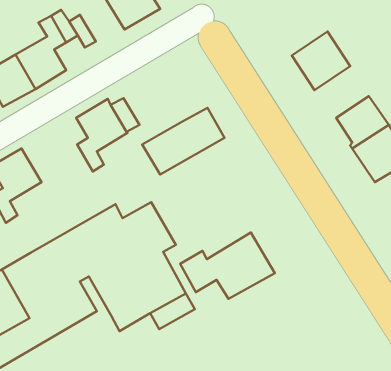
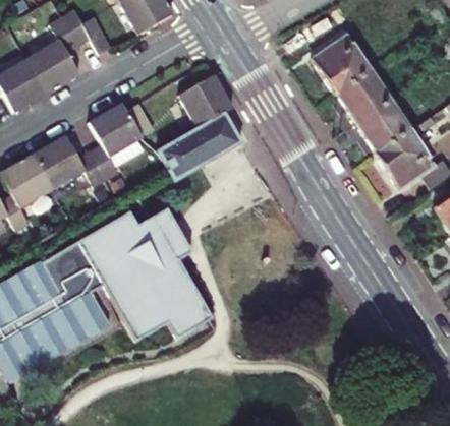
building: none -> [335,69,391,122]
building: none -> [181,74,235,126]
building: none -> [34,135,107,188]
building: [180,233,275,299] -> none

